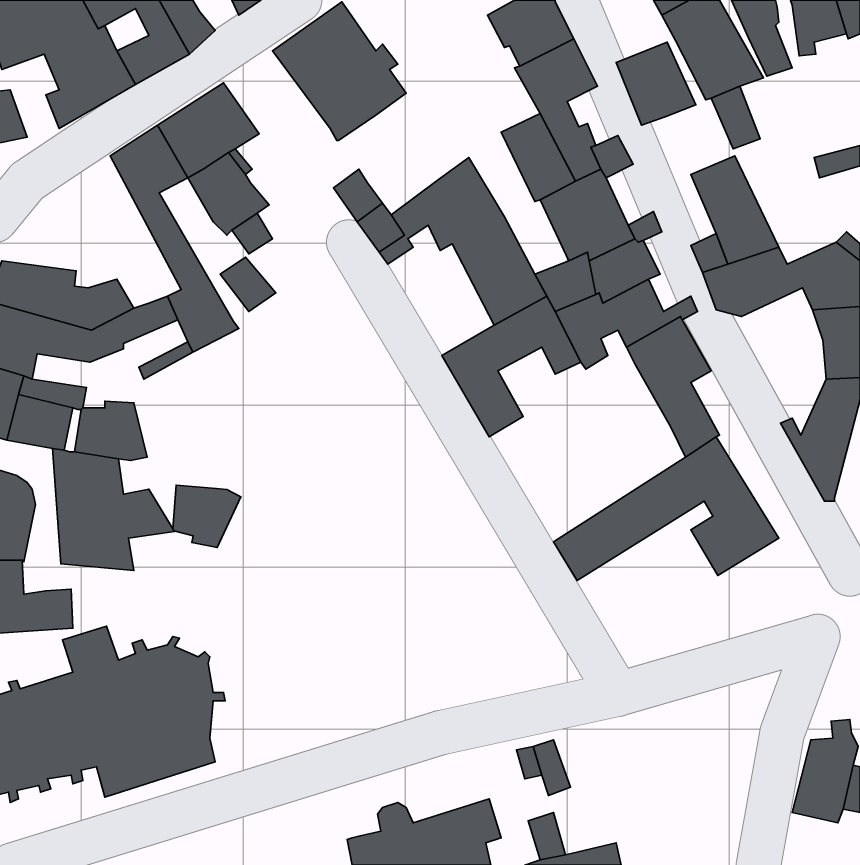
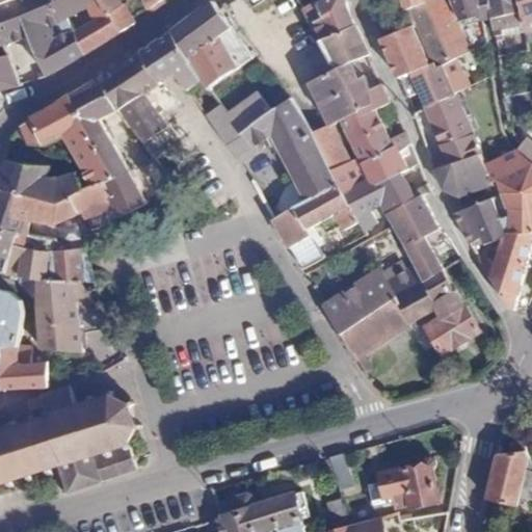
building: none -> [137,31,203,90]
building: none -> [408,60,451,107]
building: none -> [225,90,269,132]
building: none -> [18,96,111,186]
building: none -> [310,123,349,168]
building: none -> [452,197,507,243]
building: none -> [322,261,421,332]
building: [173,485,241,547] -> none
building: none -> [376,456,436,508]

